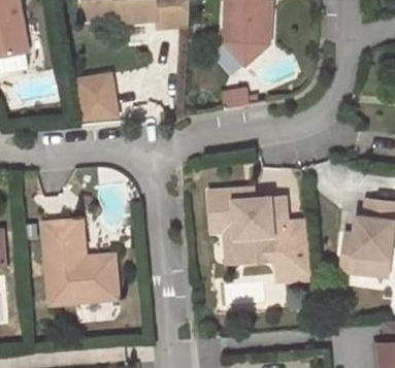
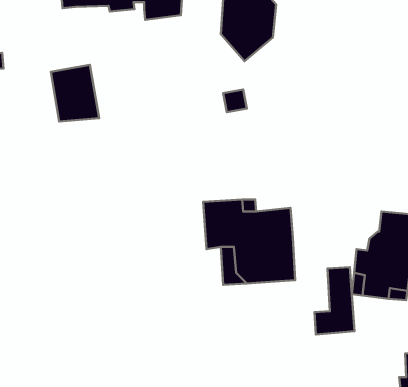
building: [43,218,119,303] -> none
building: [275,220,310,278] -> [314,267,355,335]

